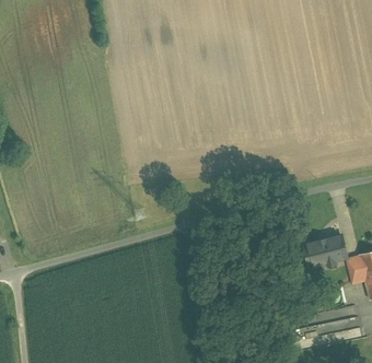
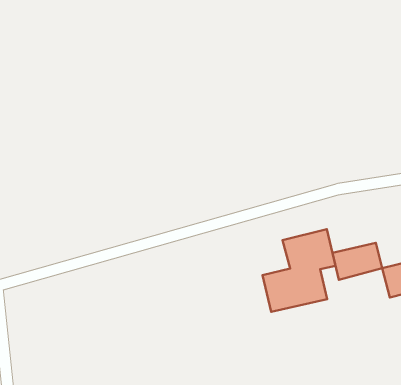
building: none -> [262,229,336,312]

